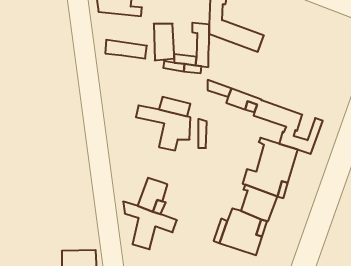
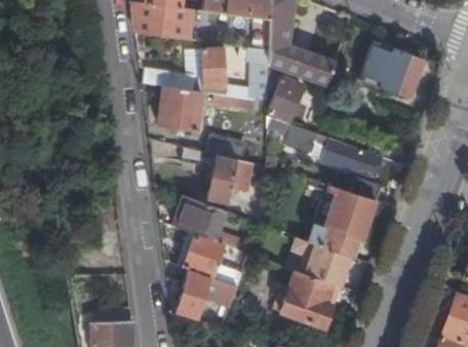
building: none -> [360,41,422,97]
building: none -> [268,71,303,120]
building: none -> [158,86,201,129]
building: none -> [173,195,225,240]

